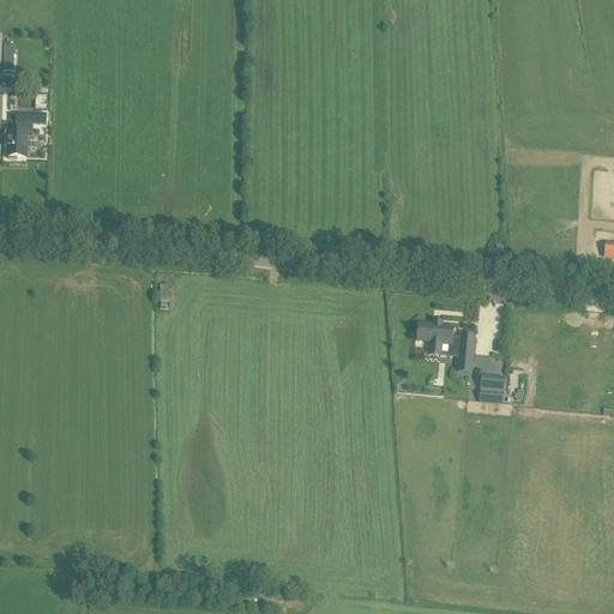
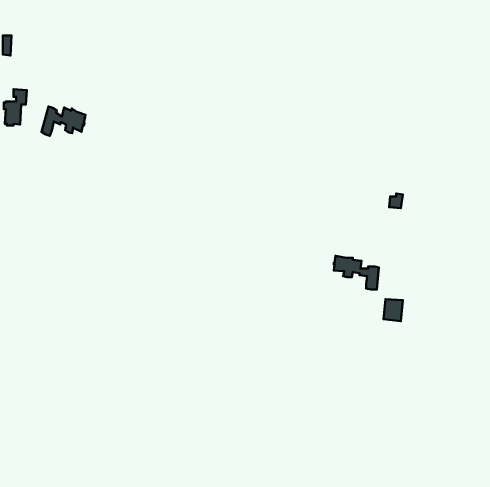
building: none -> [42,107,86,136]

